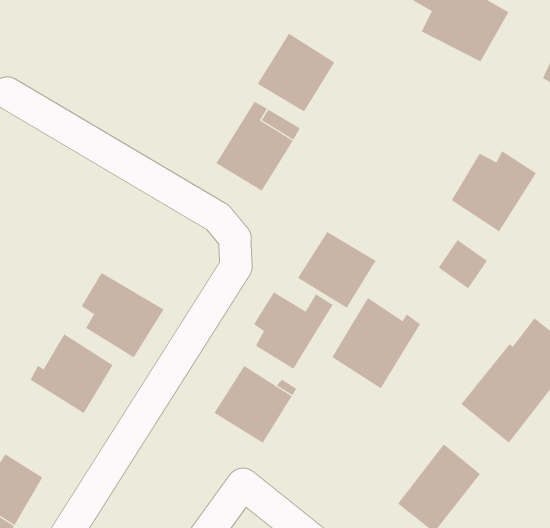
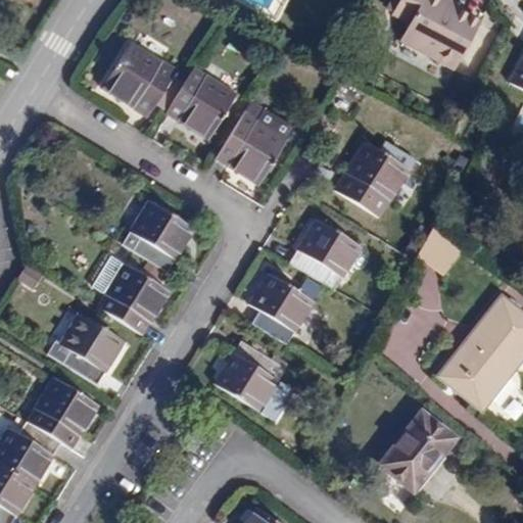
building: [257,33,335,112] -> [165,66,236,138]
building: none -> [103,43,177,115]
building: [451,150,537,232] -> [338,139,416,212]
building: none -> [123,200,193,272]
building: [331,297,421,389] -> none
building: none -> [26,376,98,447]

